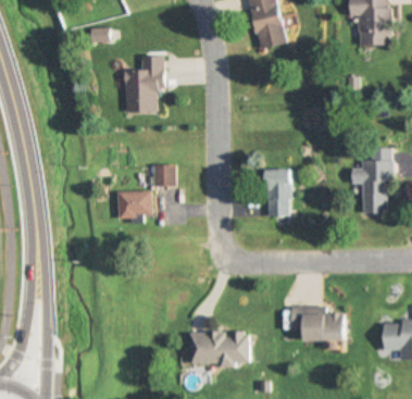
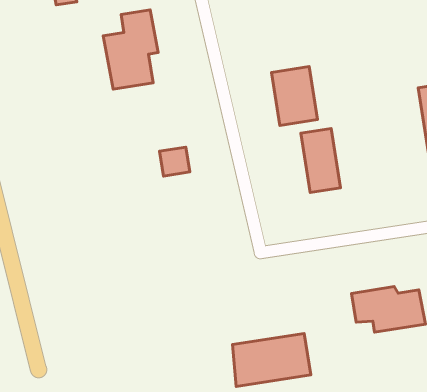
building: none -> [271,67,318,126]
building: [120,194,153,220] -> none

